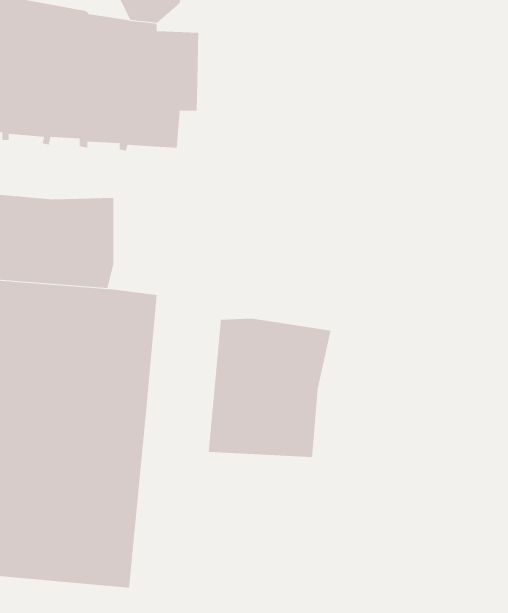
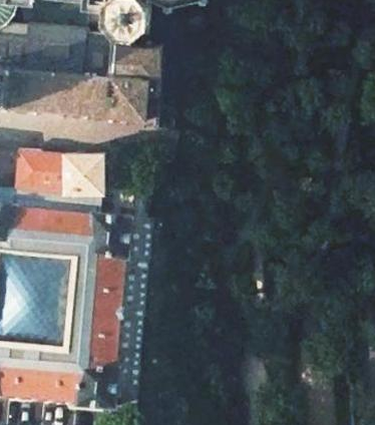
building: [208,318,331,458] -> none

